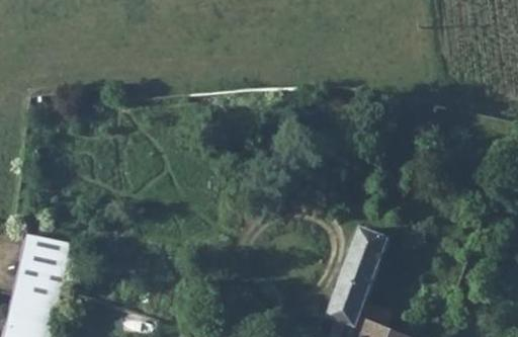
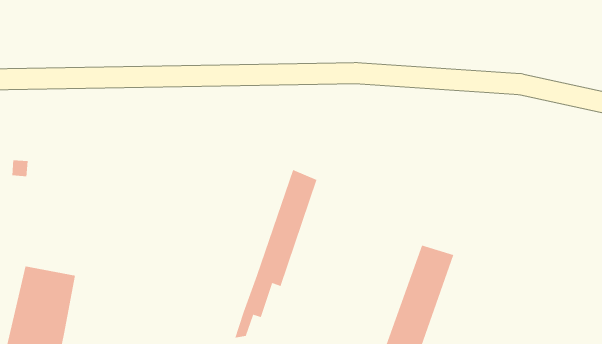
building: none -> [235,169,317,339]

